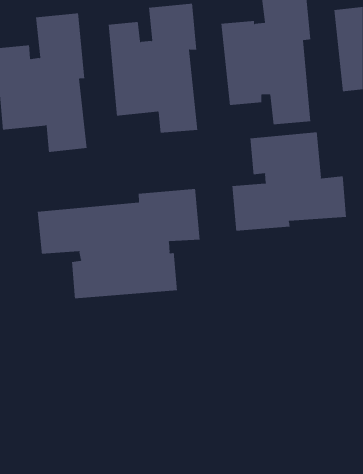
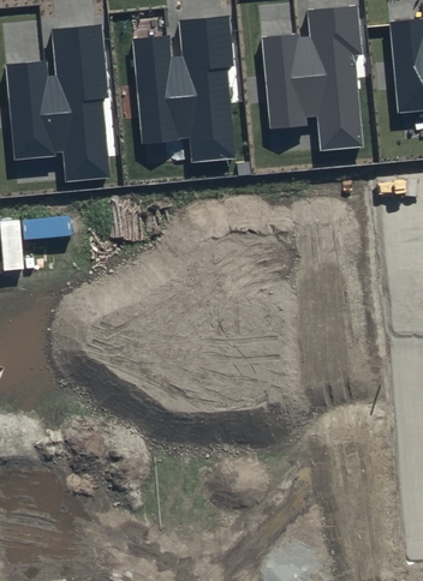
building: [232,132,347,232] -> none
building: [37,188,200,299] -> none

